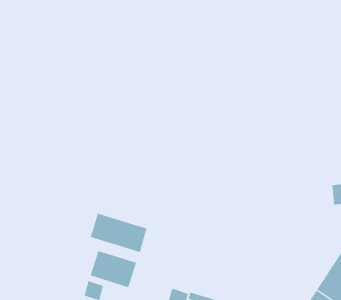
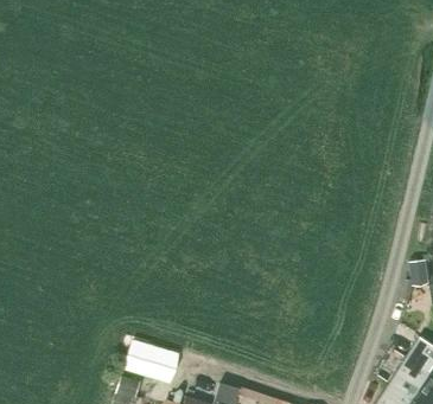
building: [90,213,147,253] -> none

